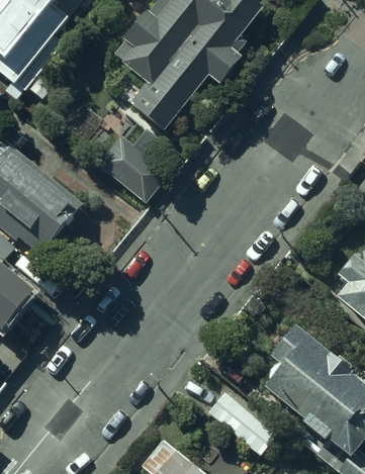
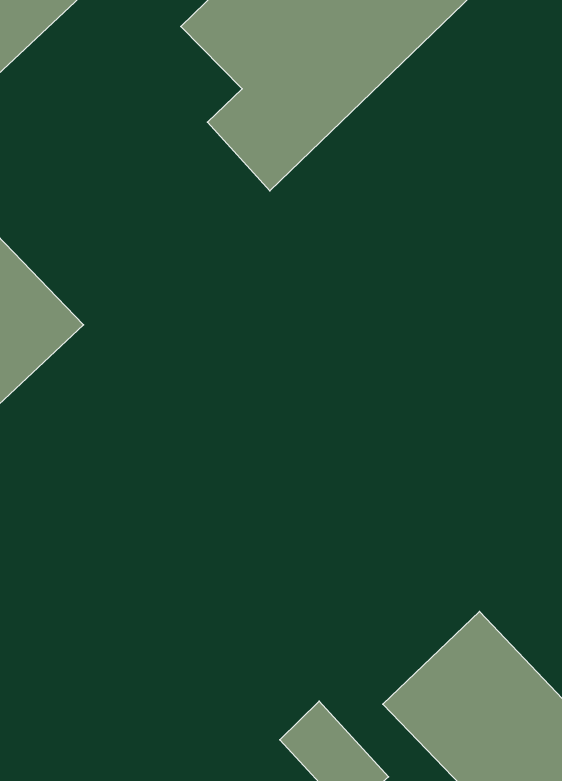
building: [94,136,154,194] -> none

